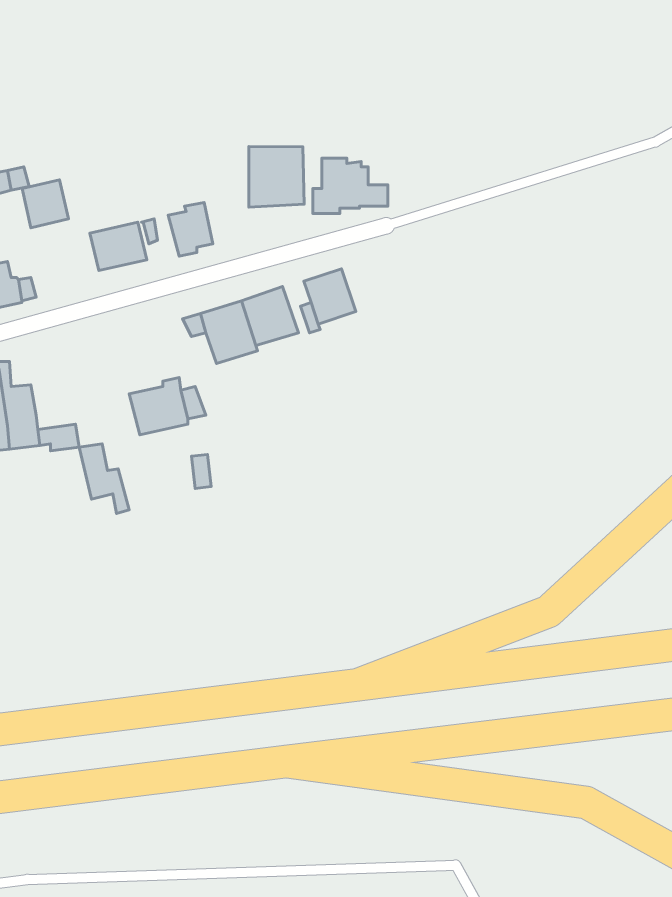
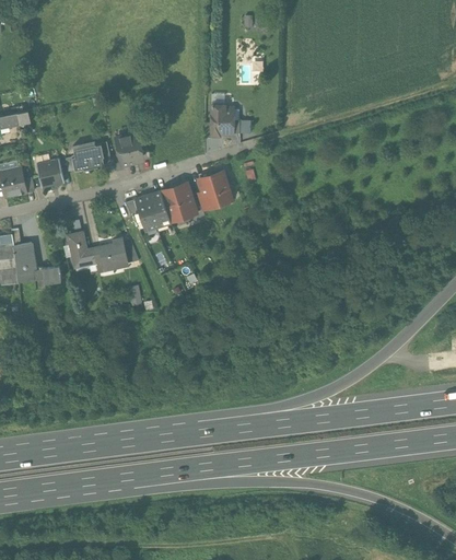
building: [249,147,304,207] -> none
building: [22,180,68,228] -> [36,158,65,187]
building: [79,444,129,513] -> [68,233,98,276]

